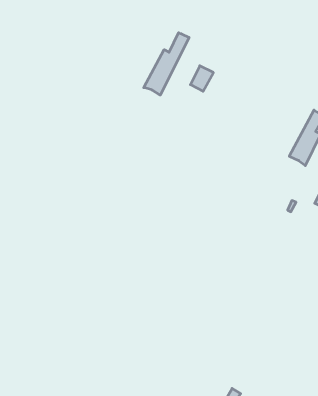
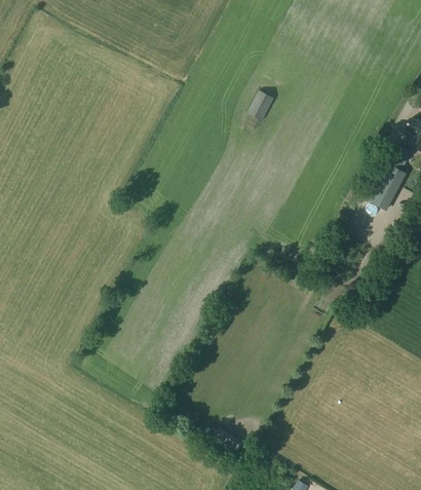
building: [144,33,189,95] -> none

